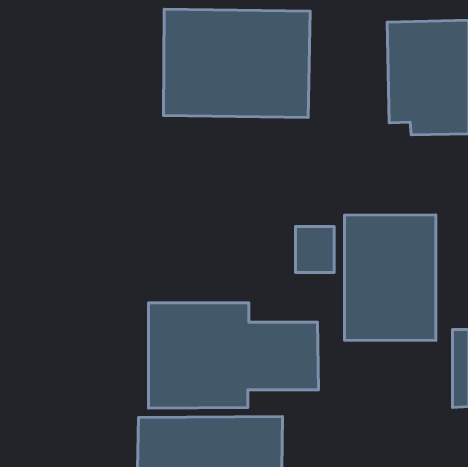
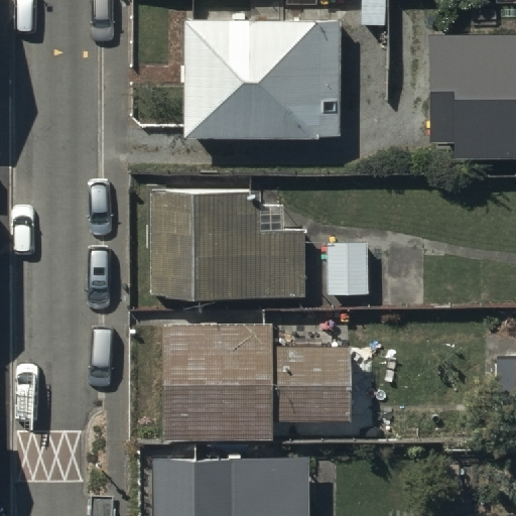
building: none -> [149,190,306,305]
building: [345,215,436,341] -> none

